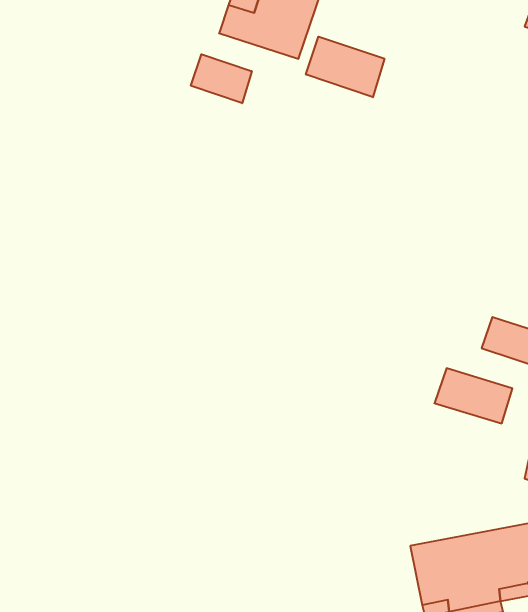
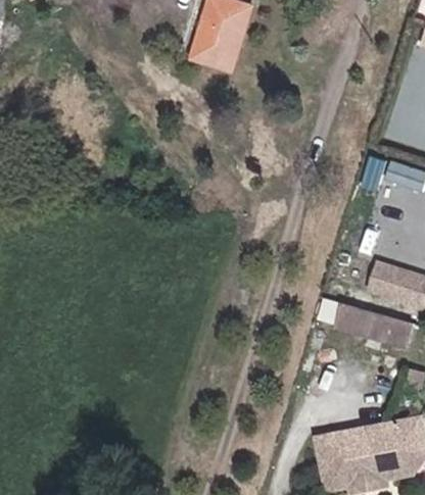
building: [306,37,384,97] -> none
building: [191,54,252,103] -> none

